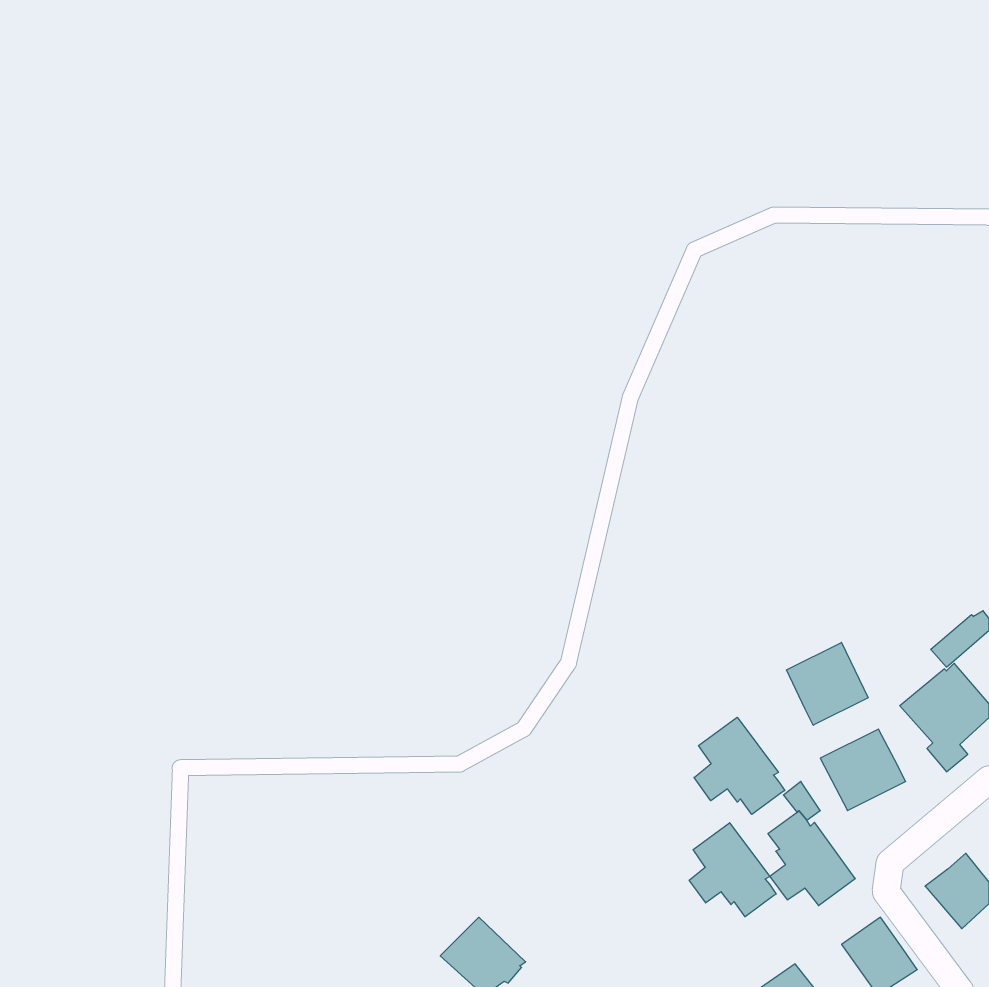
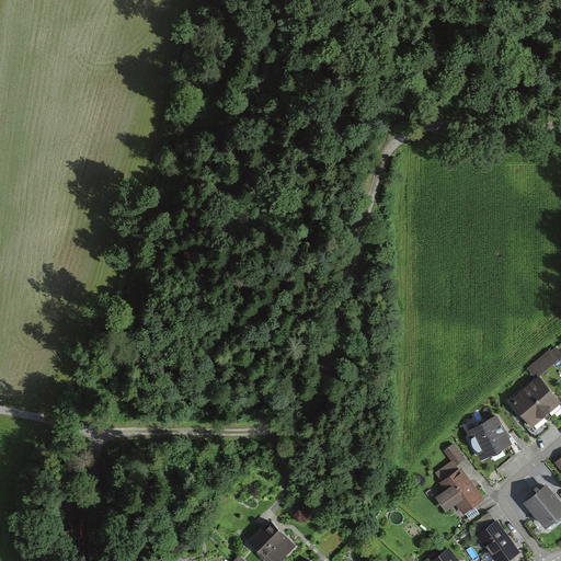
building: [786,642,868,725] -> none
building: [694,717,785,814] -> none
building: [689,823,776,917] -> none

